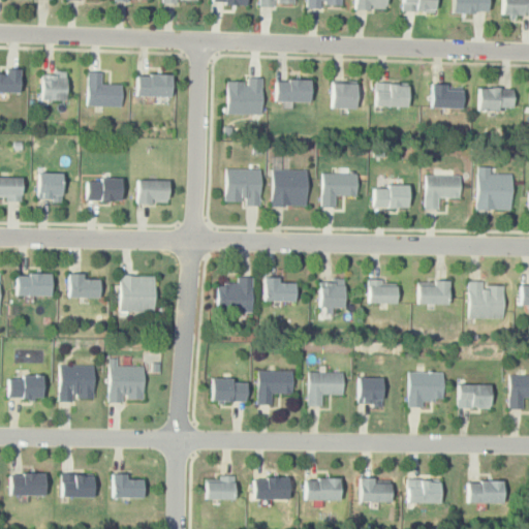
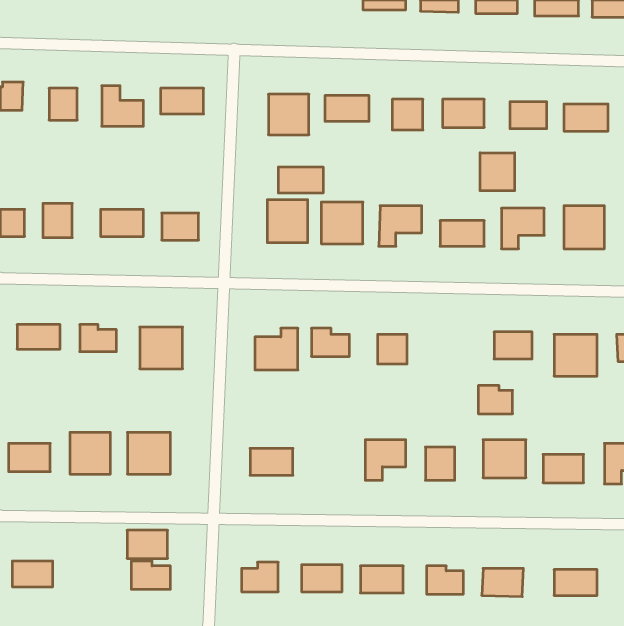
building: none -> [480,153,515,191]
building: none -> [278,167,323,193]
building: [369,279,398,303] -> [478,386,513,414]
building: [258,371,293,403] -> none
building: [61,473,95,497] -> [127,530,168,558]

